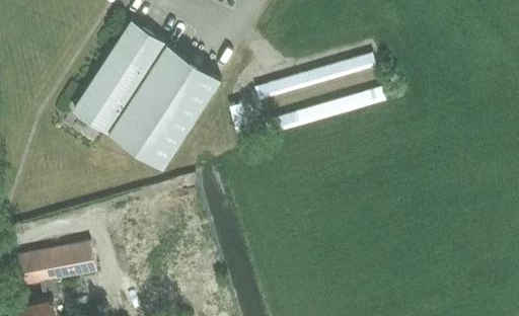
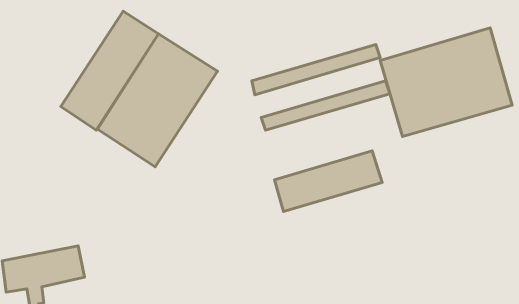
building: none -> [380,28,512,137]
building: none -> [274,151,382,211]

